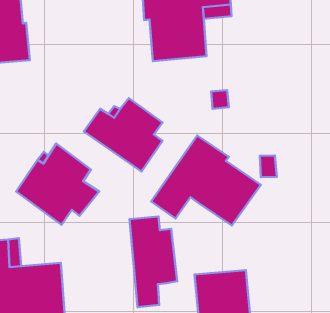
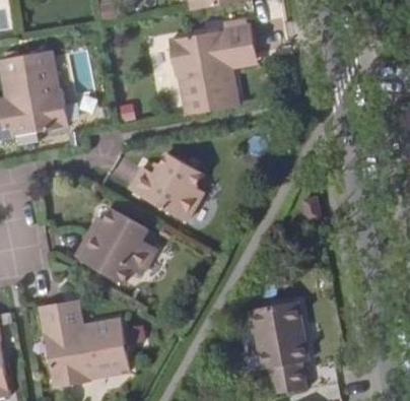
building: [151,135,261,225] -> none
building: [129,217,177,307] -> none

